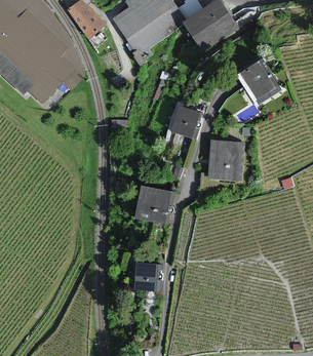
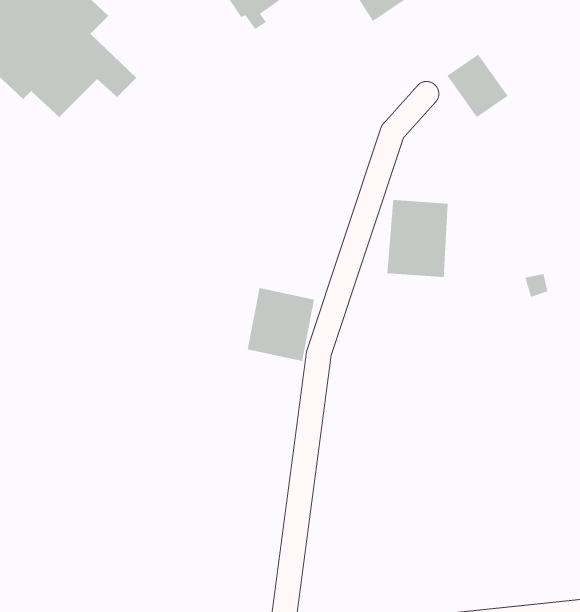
building: [172,106,201,136] -> none
building: [135,263,160,290] -> none

